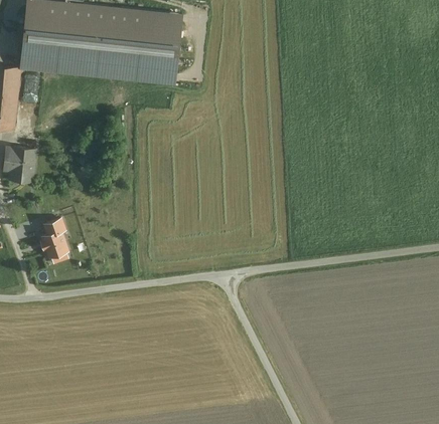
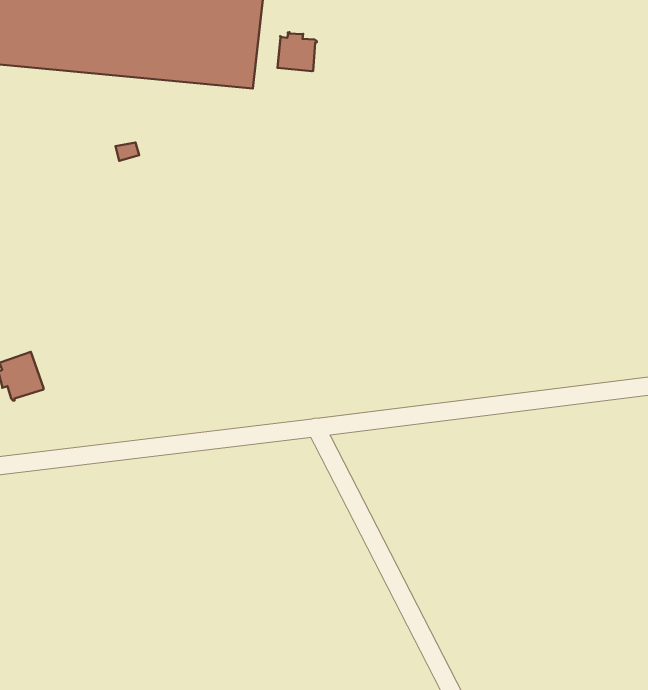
building: none -> [278,32,317,71]

